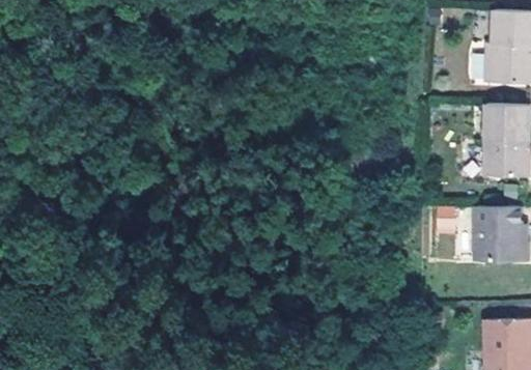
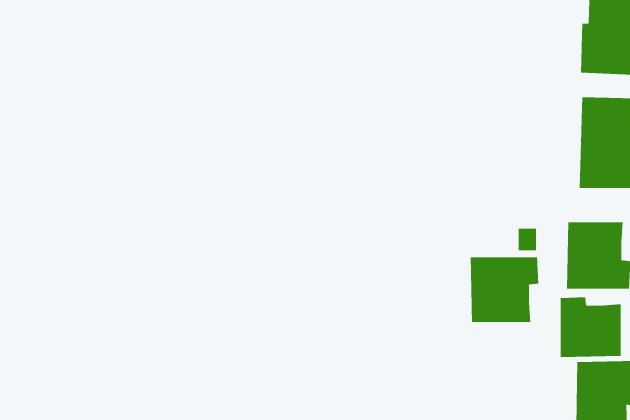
building: none -> [470,256,539,323]
building: none -> [560,296,621,358]

